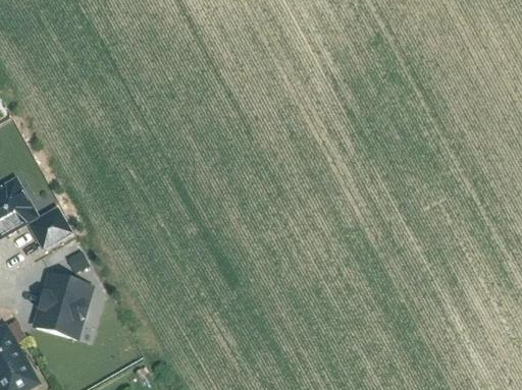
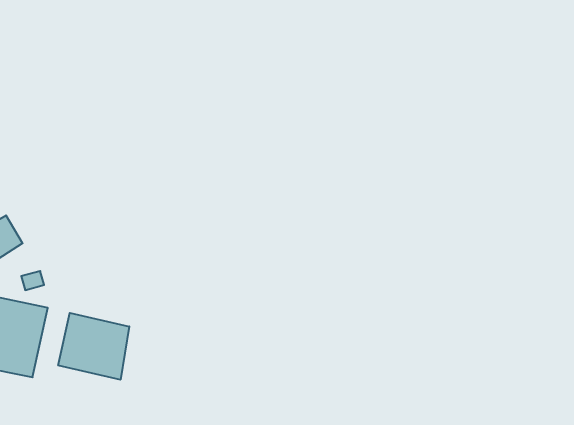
building: none -> [58,313,129,380]

